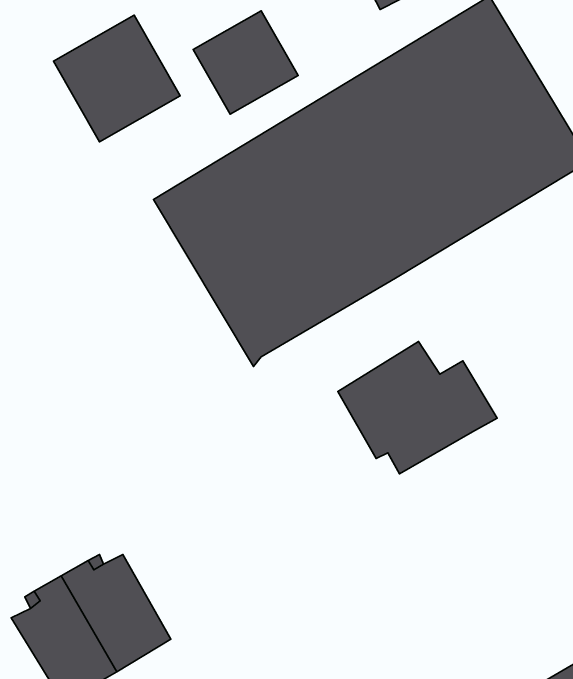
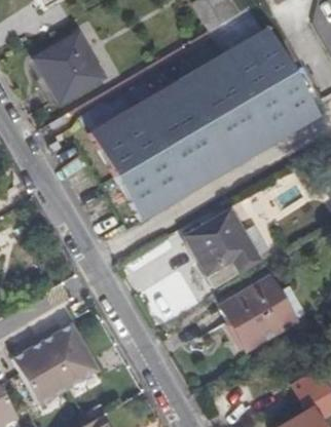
building: [193,11,298,114] -> none
building: none -> [221,279,293,349]

